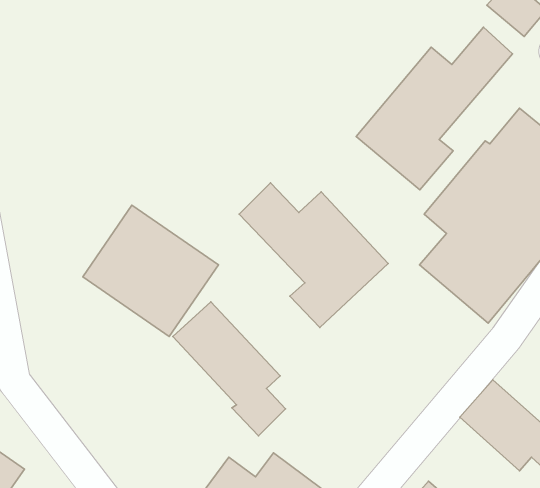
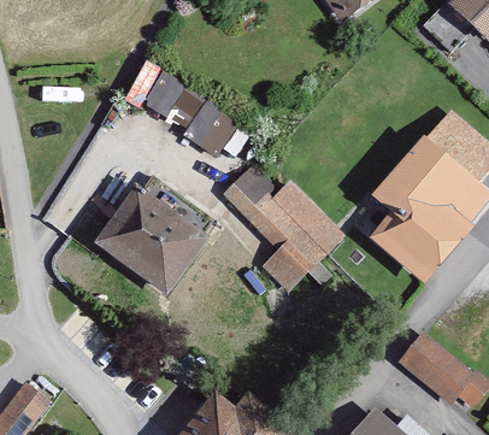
building: [356,27,512,190] -> none
building: none -> [147,64,244,149]
building: [173,302,286,436] -> none

